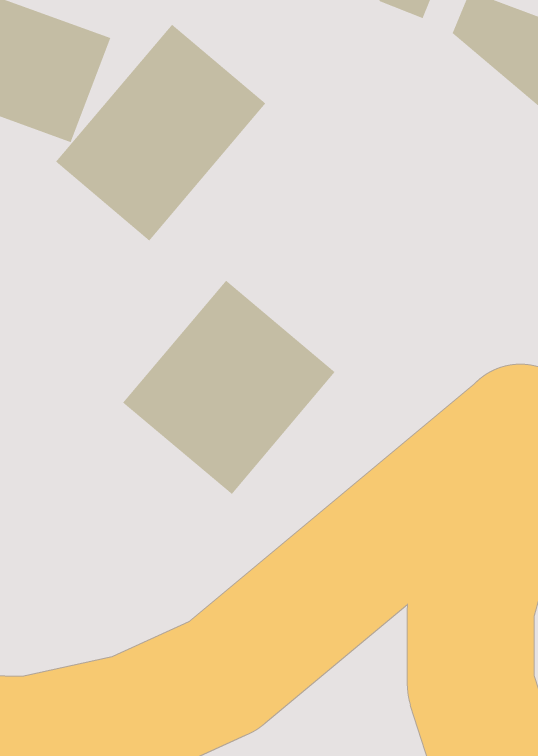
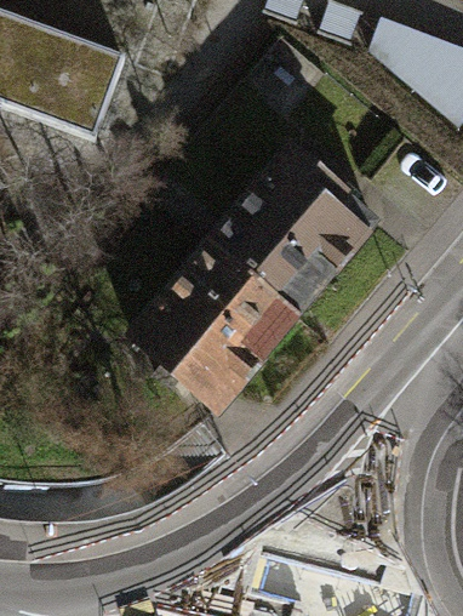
building: [55,24,266,241] -> none
building: none -> [211,147,375,310]

